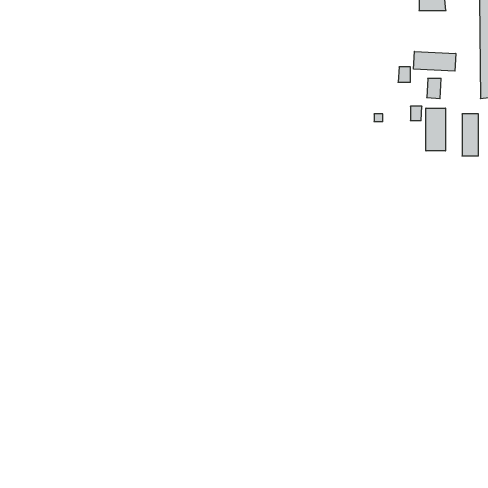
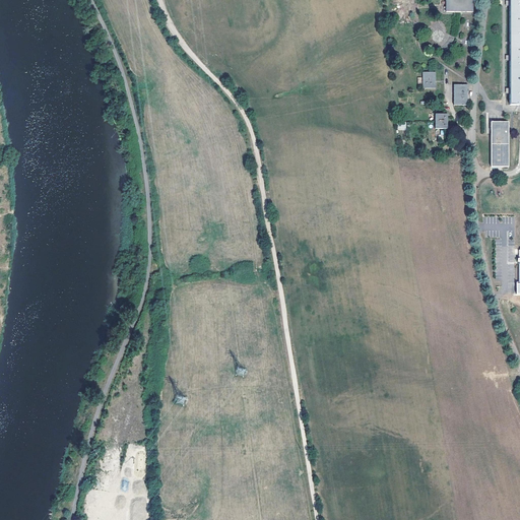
building: [414,51,456,71] -> none
building: [426,108,445,151] -> none

